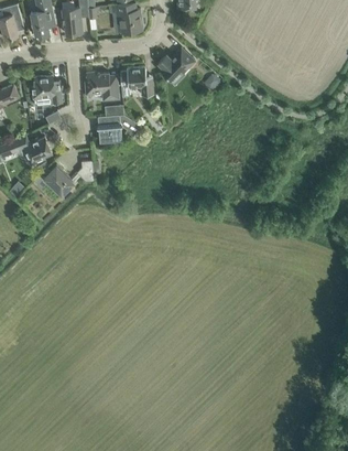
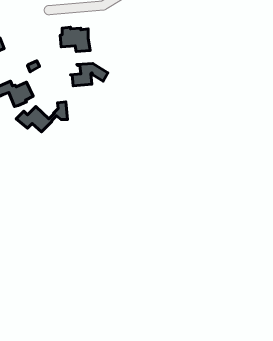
building: [157,46,194,78] -> none
building: [119,66,153,96] -> none
building: [32,75,61,101] -> none

